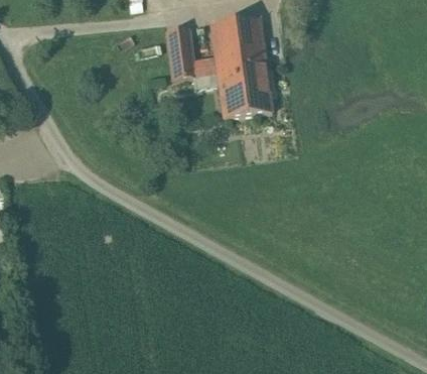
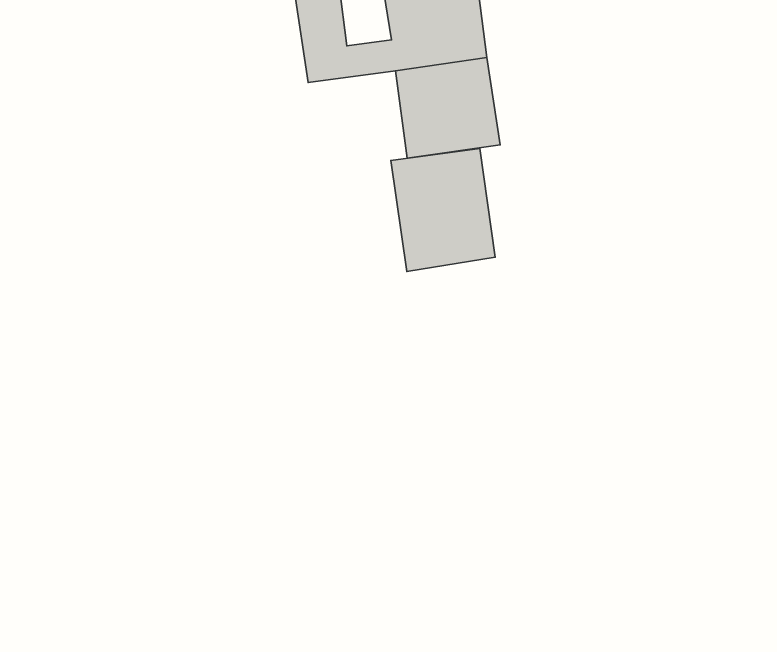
building: none -> [391,149,495,272]

